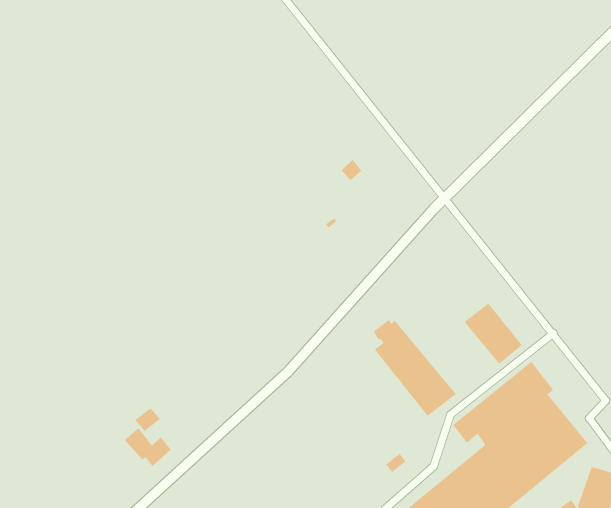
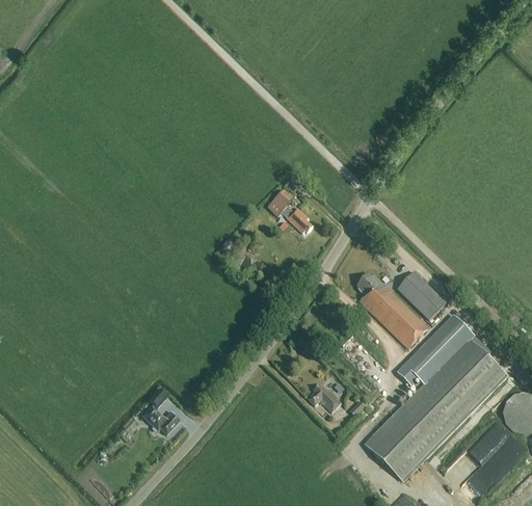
building: none -> [266,191,312,233]
building: [373,318,457,417] -> [356,274,428,348]
building: none -> [307,382,340,411]

